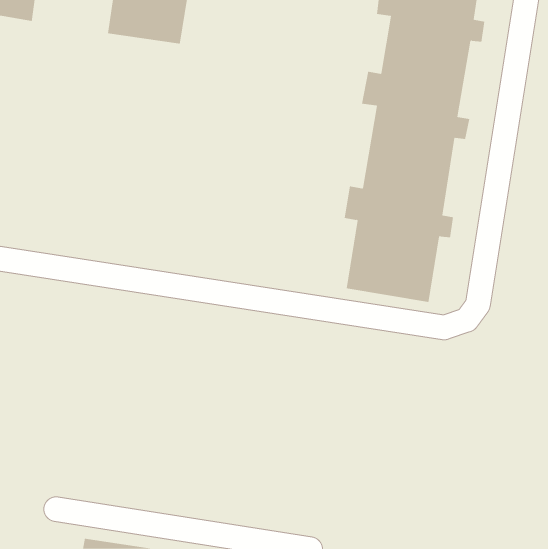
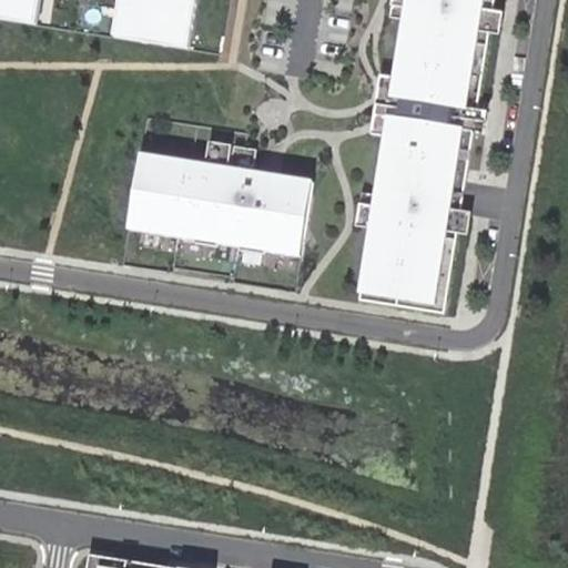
building: none -> [125,140,308,254]

